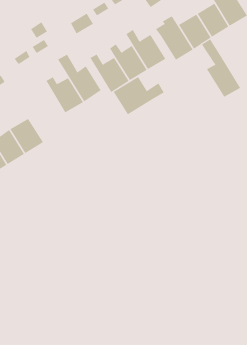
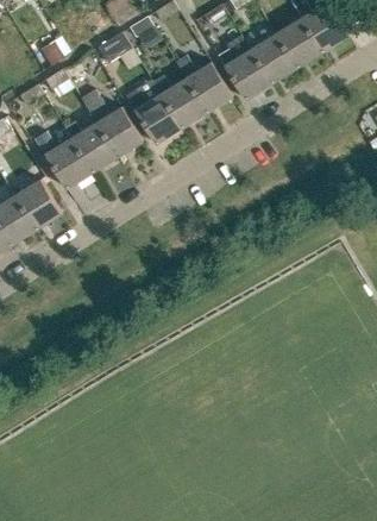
building: [201,38,241,97] -> none
building: [113,76,164,115] -> none
building: none -> [36,123,92,188]

